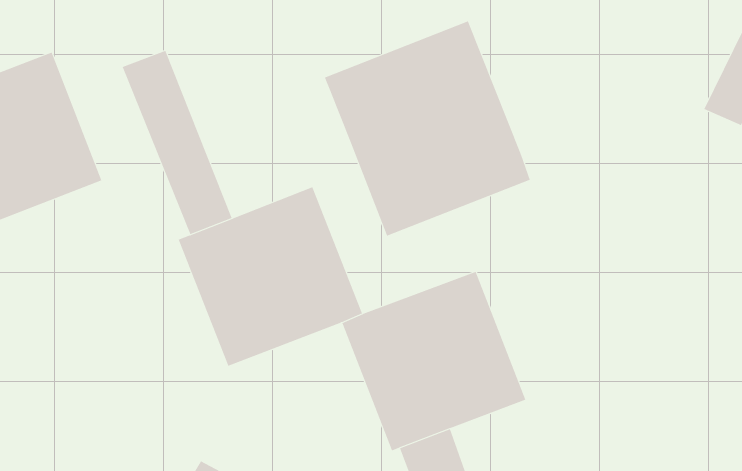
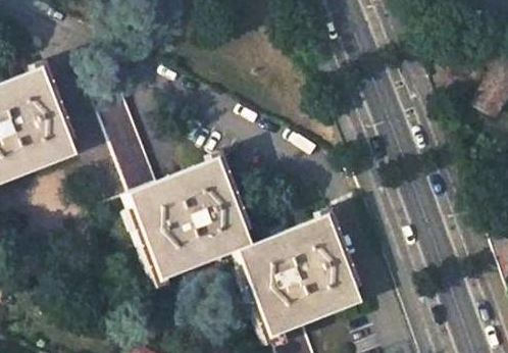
building: [324,21,531,237] -> none

